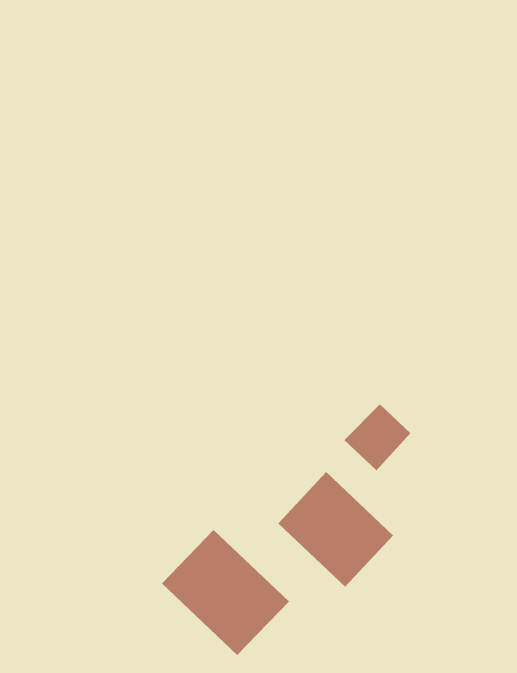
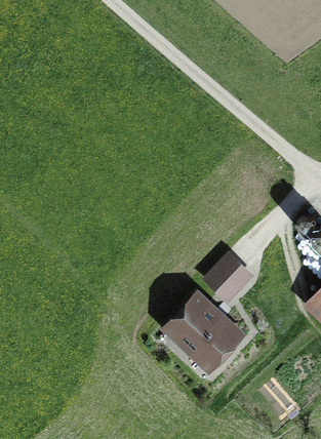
building: [161,529,290,656] -> none

